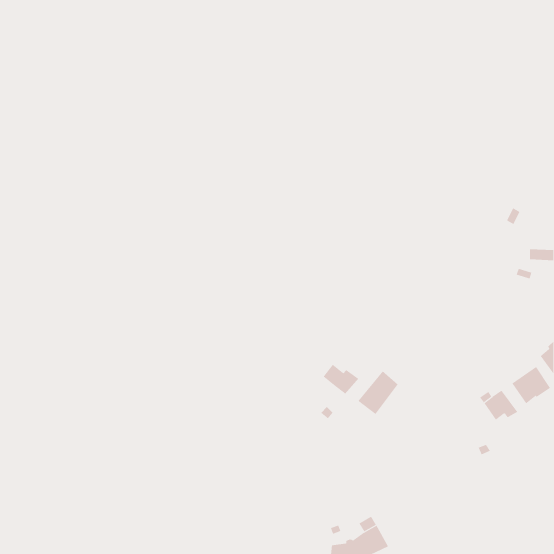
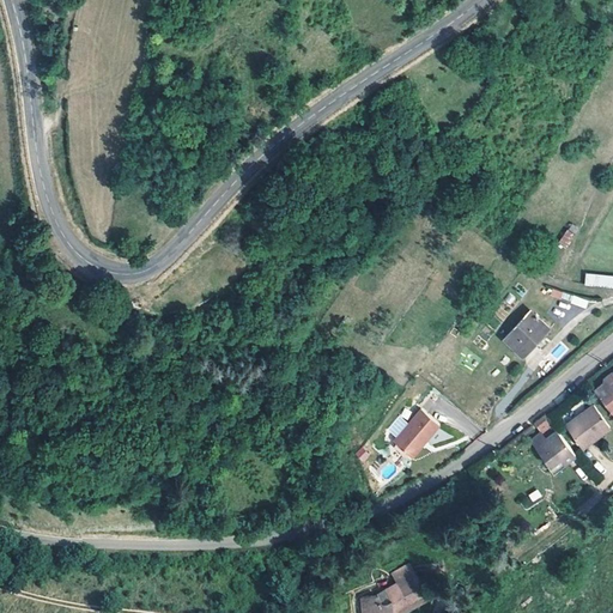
building: none -> [506,312,548,356]
building: [323,364,359,394] -> none

